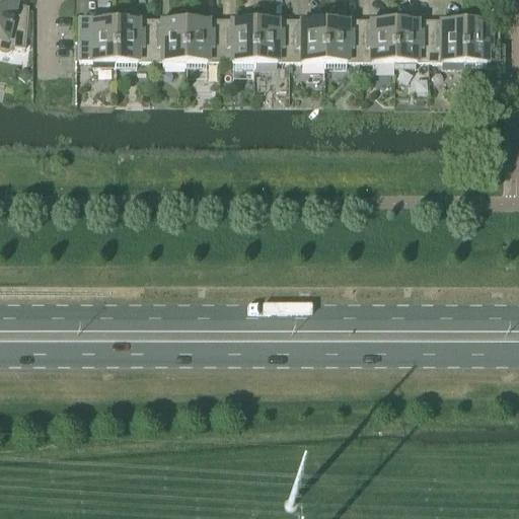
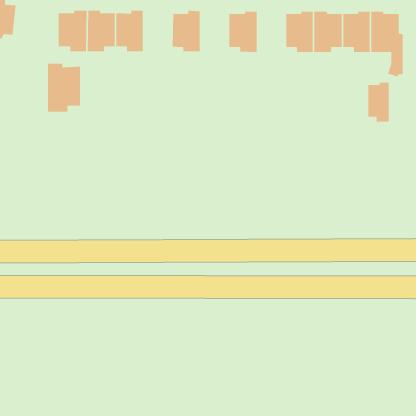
building: [176,12,212,64] -> none
building: [246,13,281,64] -> none
building: [316,13,351,65] -> none
building: none -> [47,63,81,113]
building: none -> [368,82,390,122]

